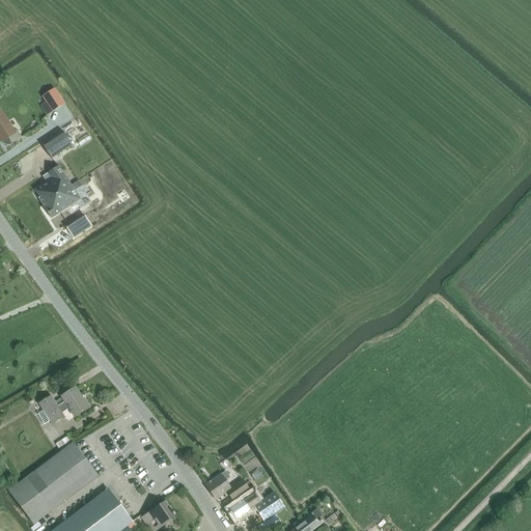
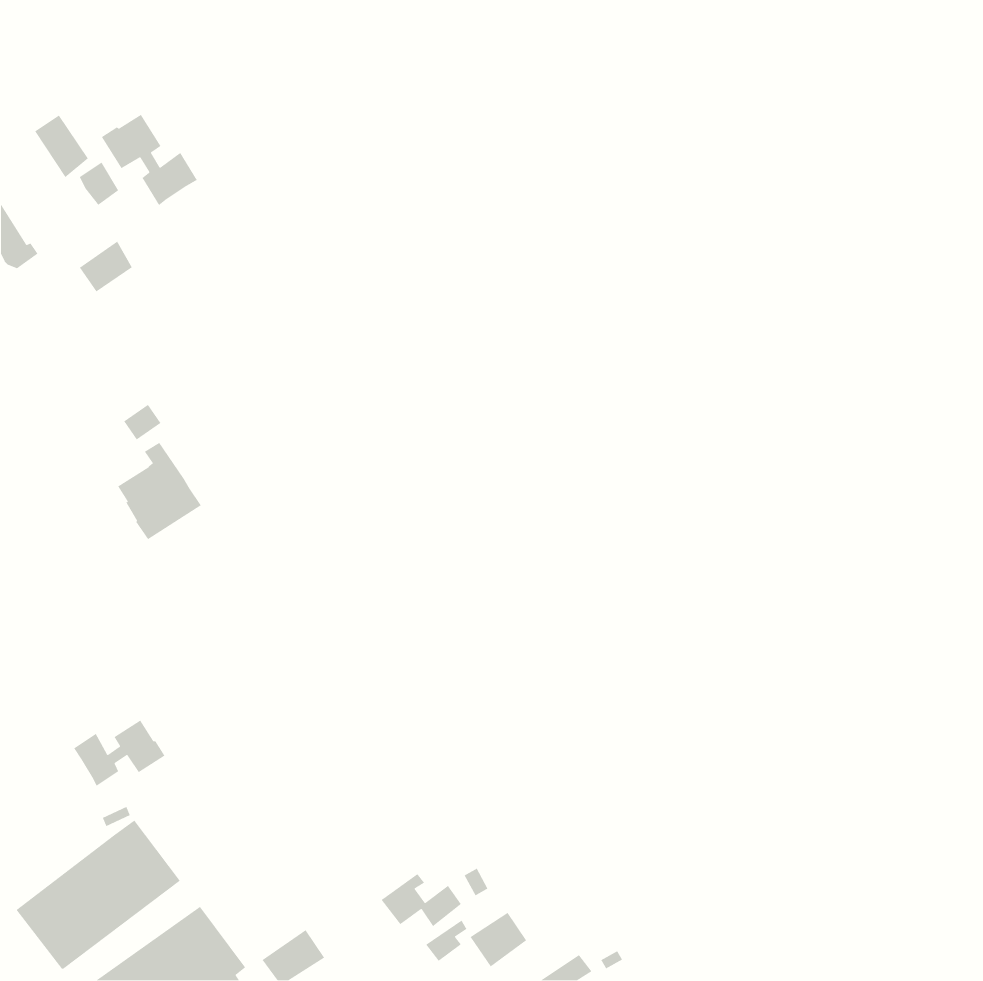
building: none -> [101,114,198,206]
building: none -> [34,114,89,178]
building: [35,165,81,218] -> [117,442,202,540]

